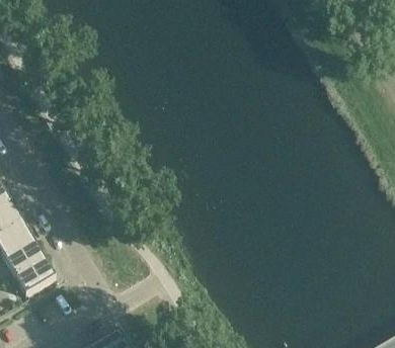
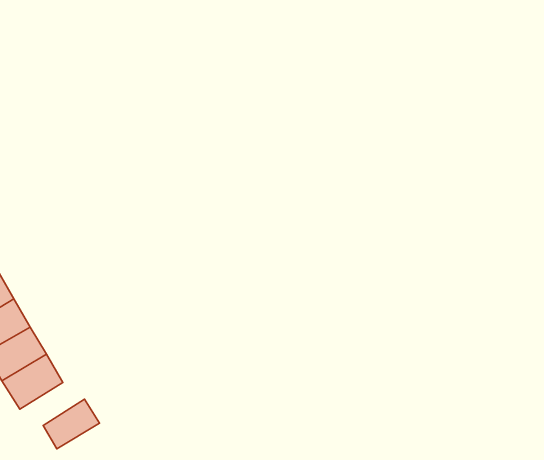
building: none -> [43,399,100,449]

